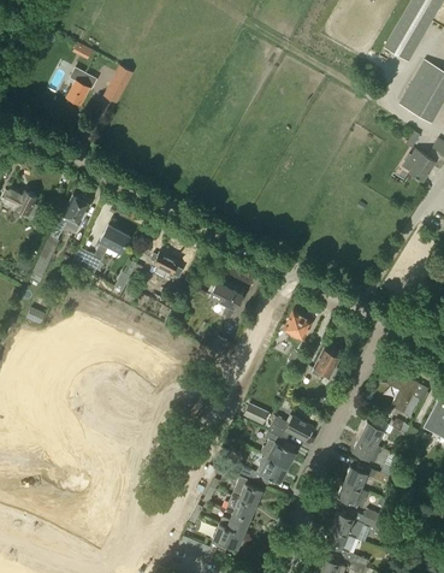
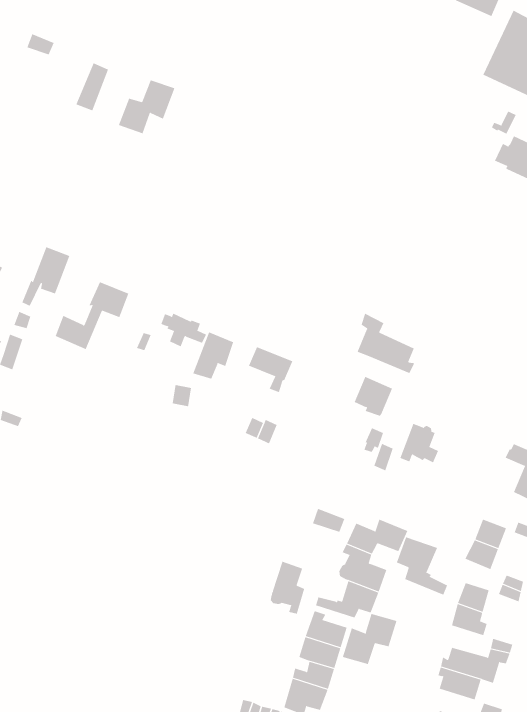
building: [67,69,99,104] -> none
building: none -> [118,80,175,134]
building: none -> [357,313,415,374]
building: none -> [193,332,234,379]
building: none -> [396,537,448,595]
building: none -> [270,561,305,615]
building: none -> [342,613,397,665]

